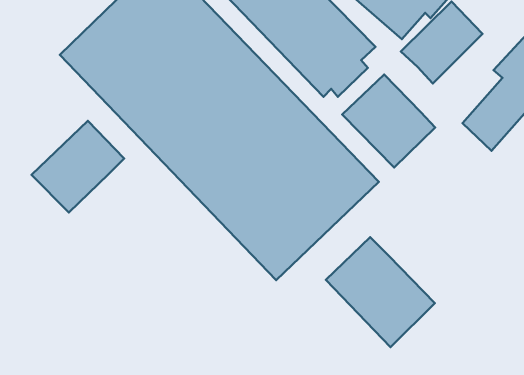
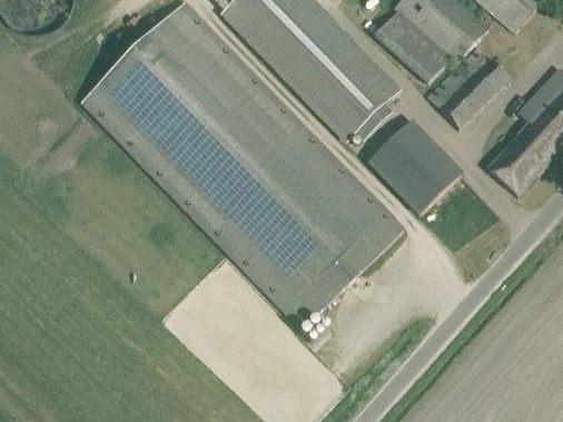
building: [32,121,124,212] -> none
building: [326,237,435,347] -> none

